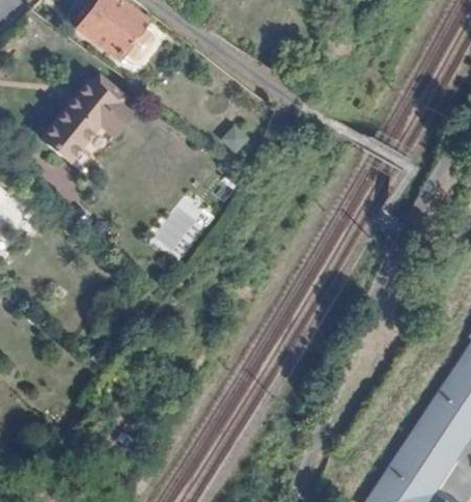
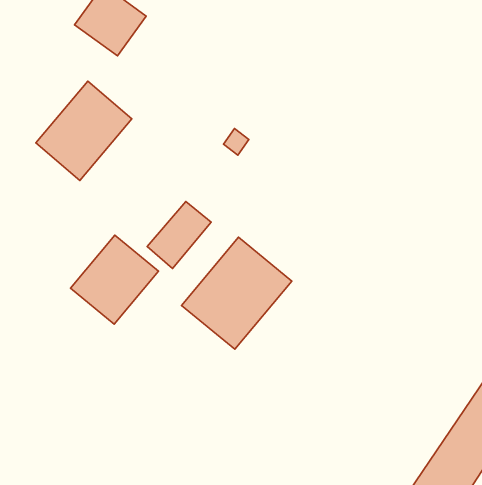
building: none -> [70,235,158,324]
building: none -> [182,237,292,349]

